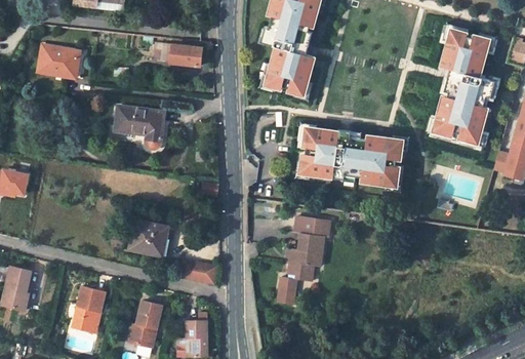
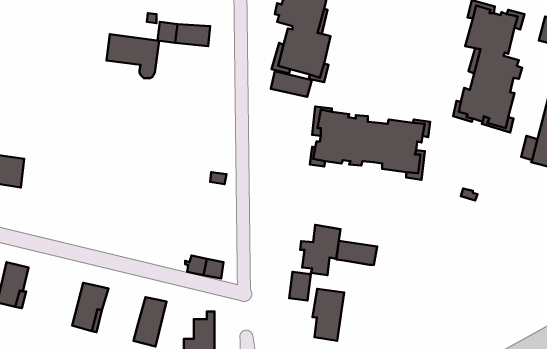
building: [38,45,78,78] -> none
building: none -> [271,71,312,97]
building: [114,106,163,147] -> [106,34,159,78]
building: [293,214,331,237] -> [337,241,377,265]
building: [128,221,168,255] -> none
building: none -> [313,289,344,341]

